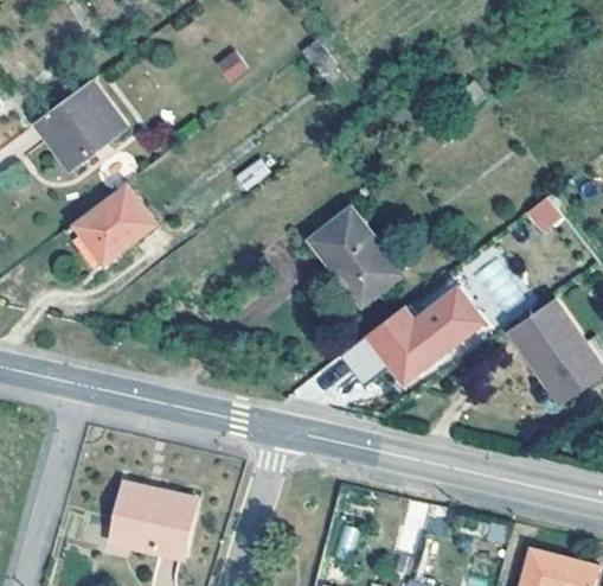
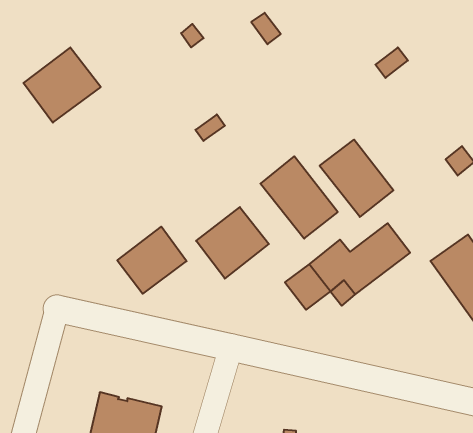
building: [73,185,154,263] -> [117,227,187,294]
building: none -> [320,140,393,217]
building: none -> [196,207,269,279]

